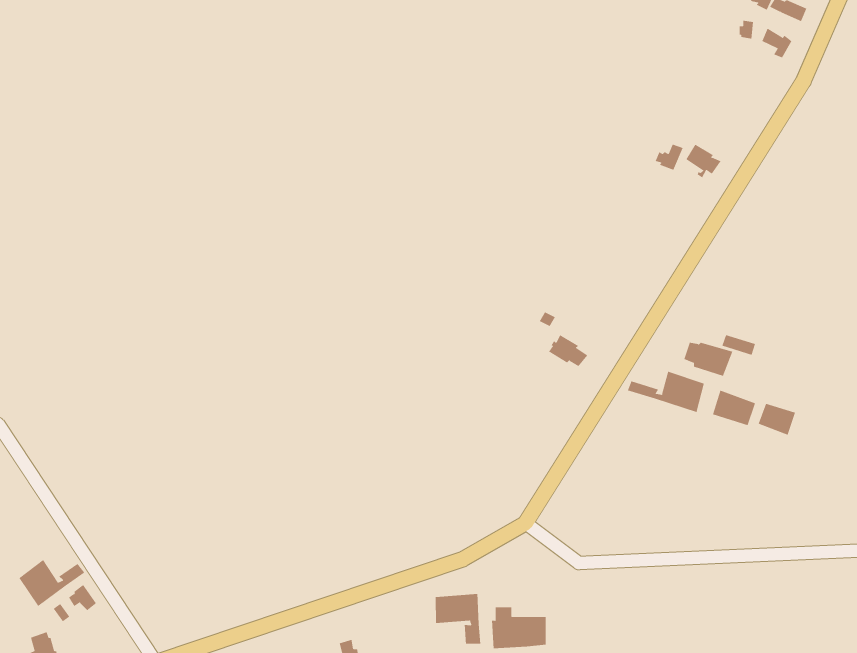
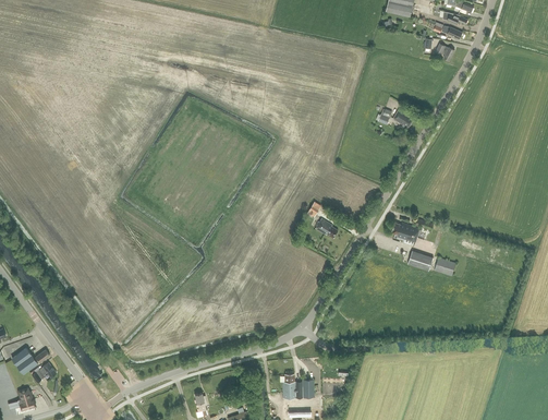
building: [627,371,705,413] -> none
building: [435,593,481,645] -> none

